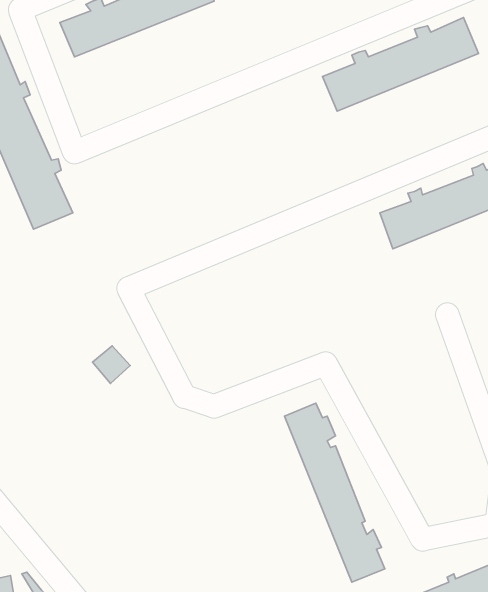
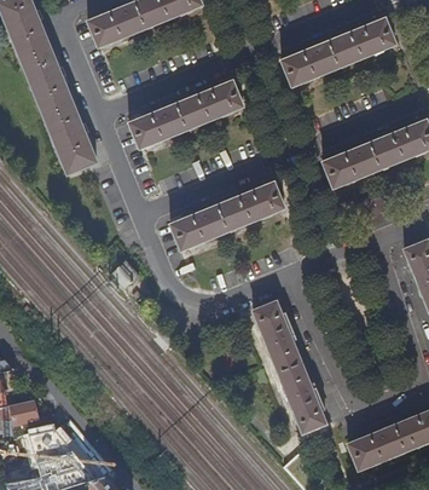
building: none -> [128,81,242,149]
building: none -> [170,181,284,249]

